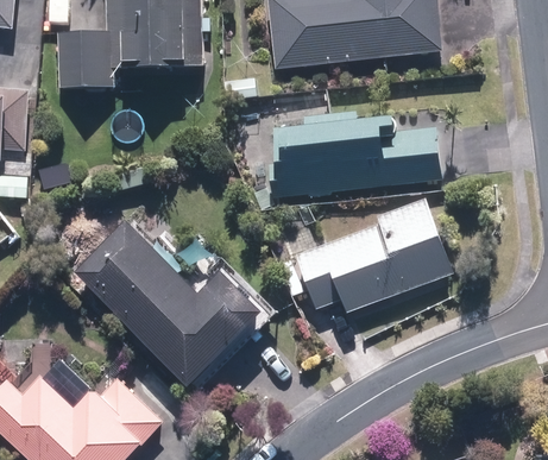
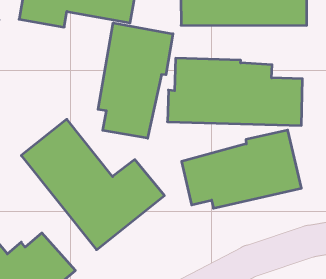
building: none -> [98,23,173,138]

